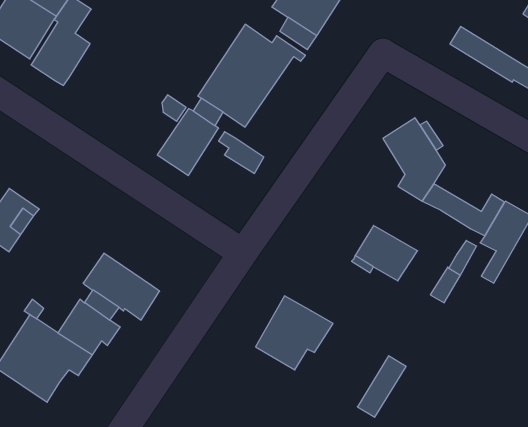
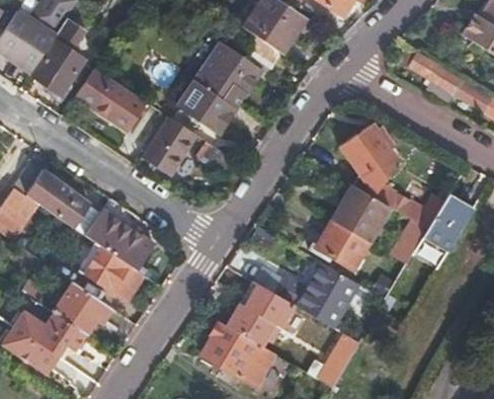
building: none -> [76,68,148,131]
building: none -> [13,162,91,229]
building: none -> [332,184,391,241]
building: none -> [86,210,156,271]
building: none -> [277,261,360,327]
building: none -> [201,321,276,386]

